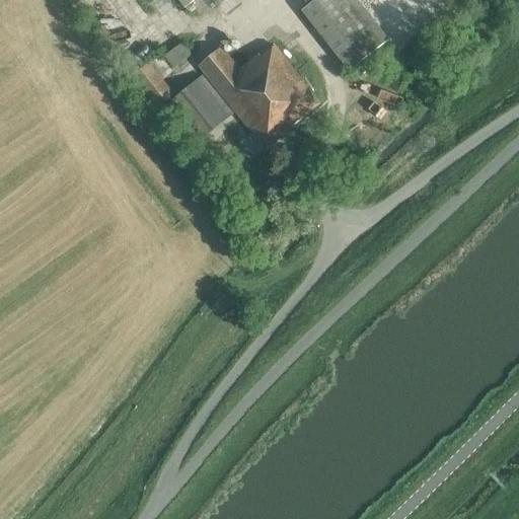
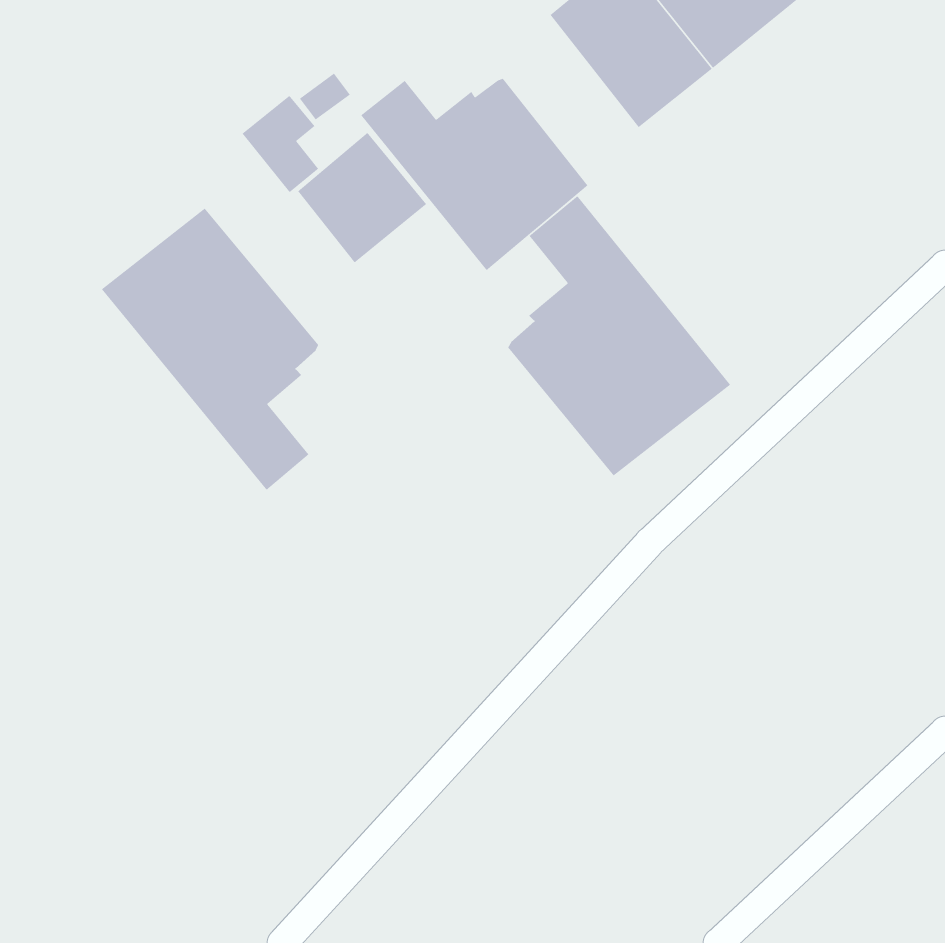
building: none -> [507,195,731,477]
building: none -> [101,208,319,491]

